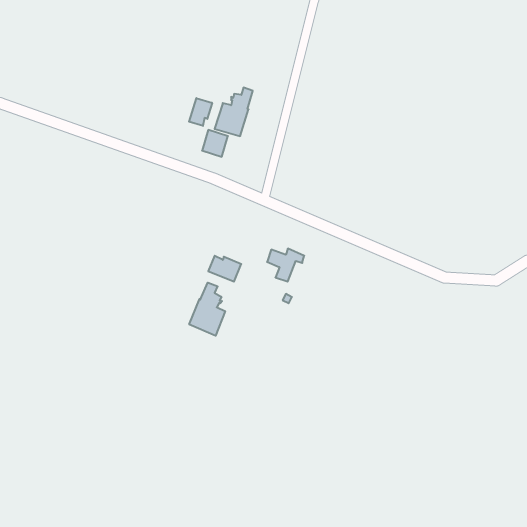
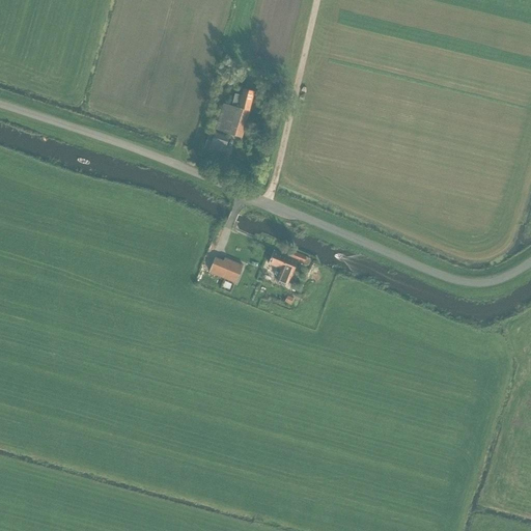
building: [189,98,212,126] -> none
building: [189,283,225,336] -> none

